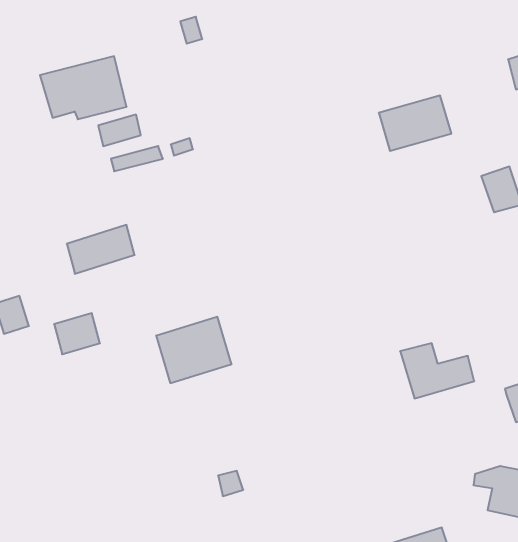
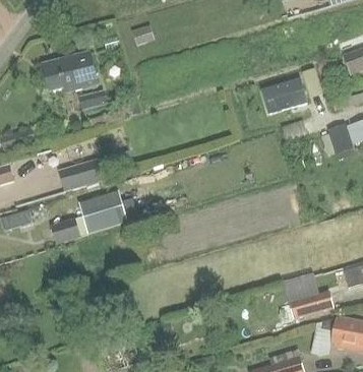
building: [156,317,232,383] -> [78,190,127,233]
building: [400,343,474,398] -> [285,282,332,317]

